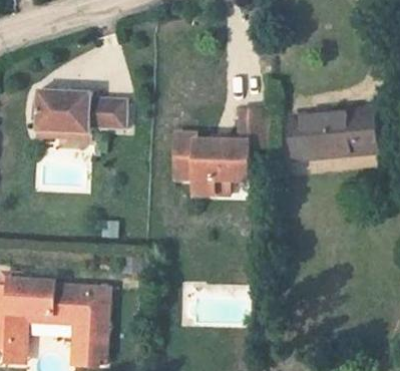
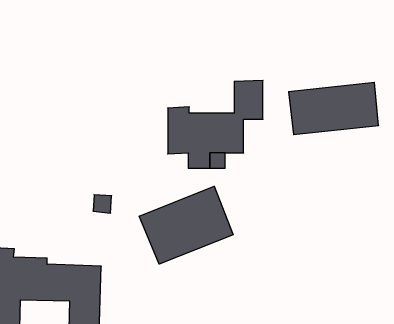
building: [34,89,128,138] -> none
building: none -> [139,186,233,264]

